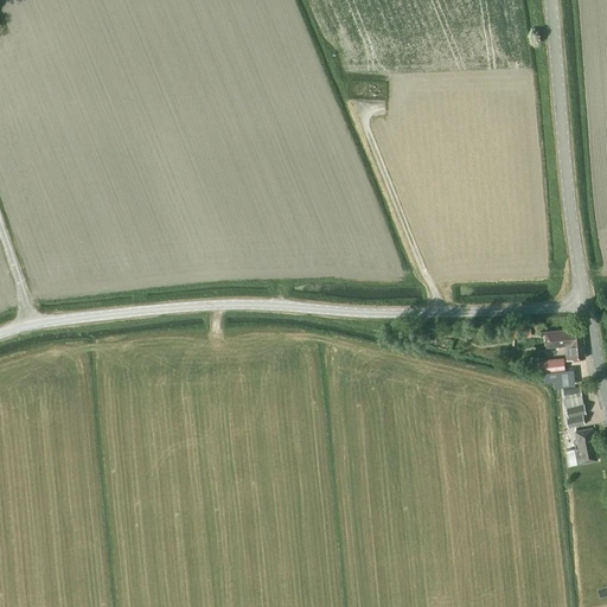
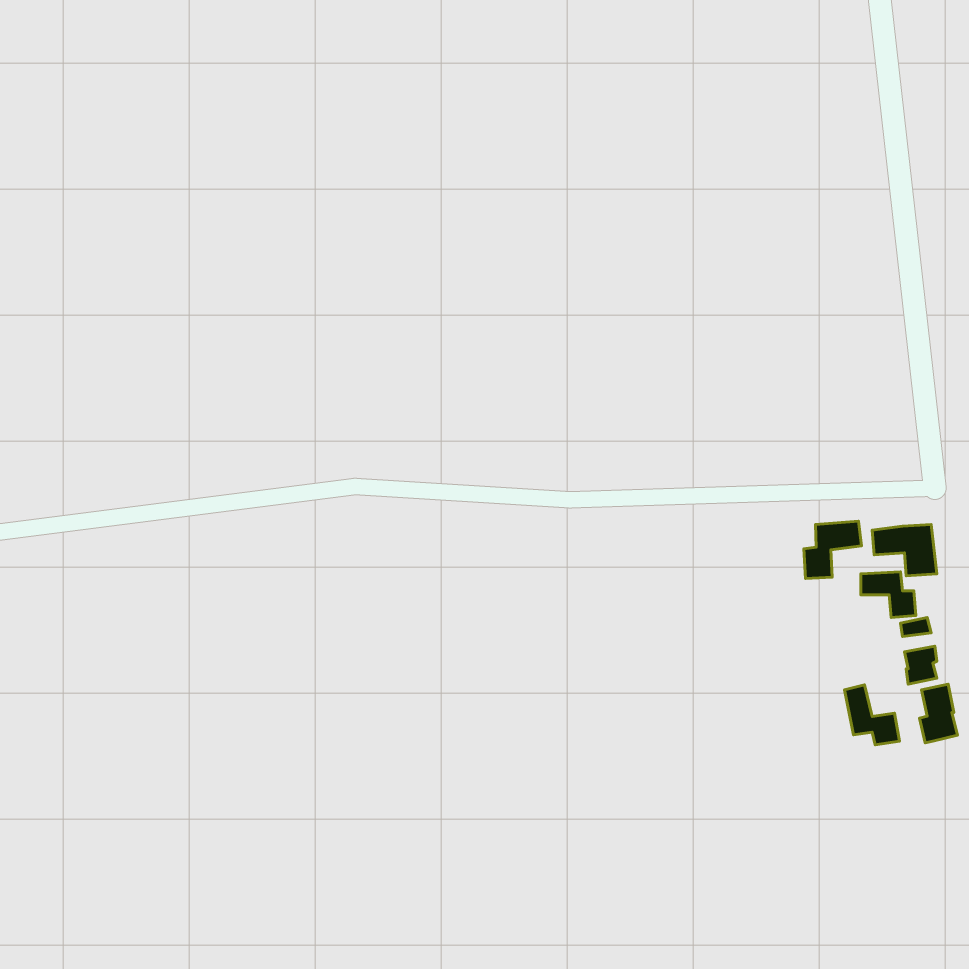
building: none -> [804,521,862,578]
building: none -> [845,685,899,745]

